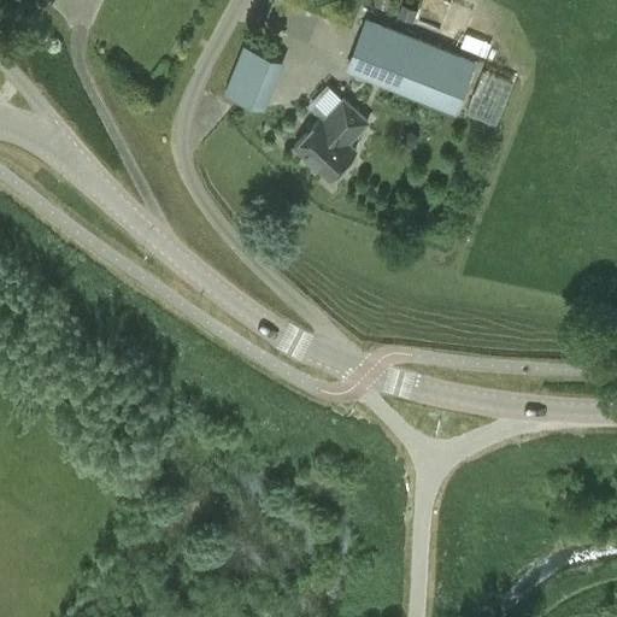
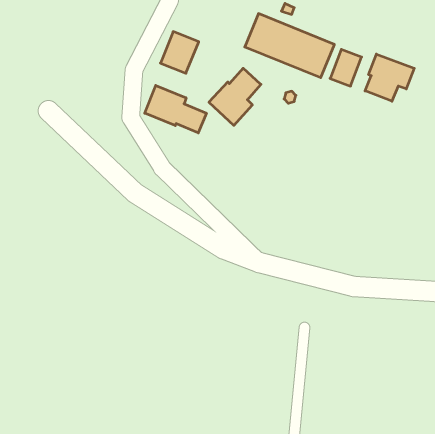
building: none -> [365,54,414,101]
building: none -> [145,85,206,133]

